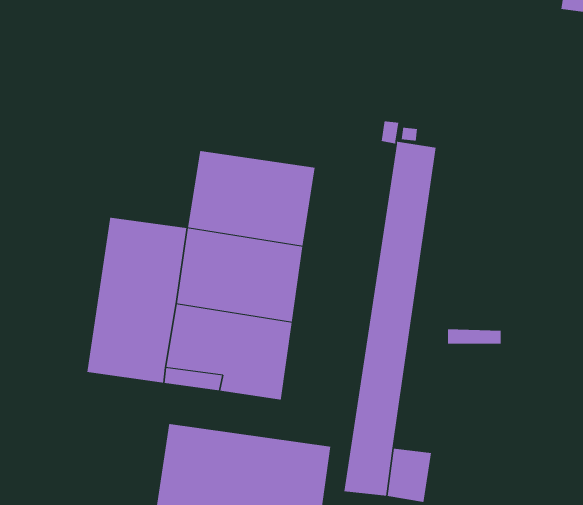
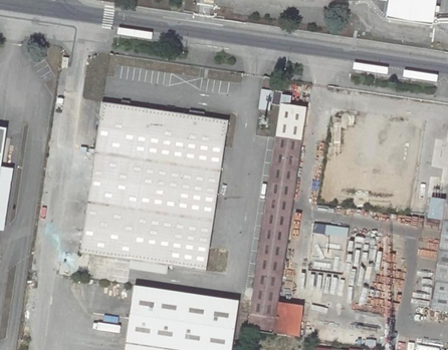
building: none -> [95,102,154,159]

